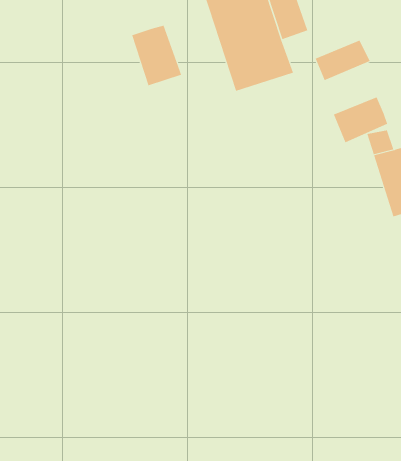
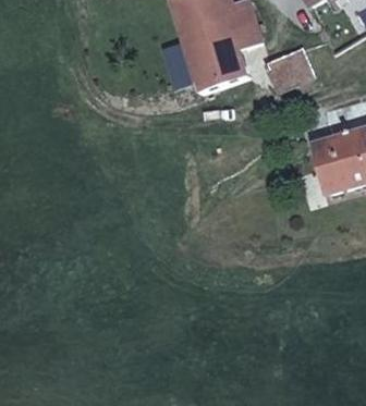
building: [132,25,182,86] -> none
building: [333,96,388,143] -> none

